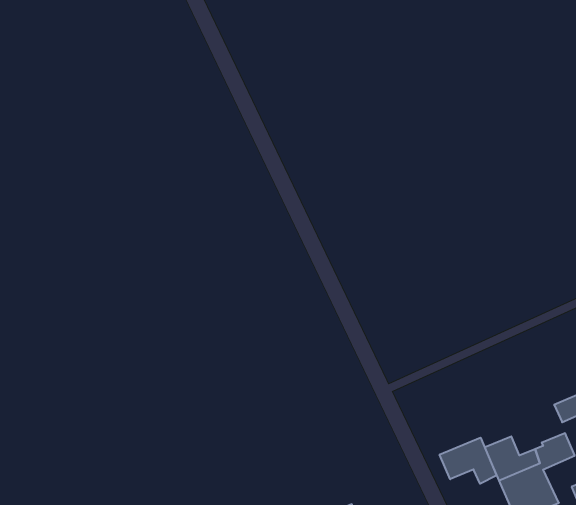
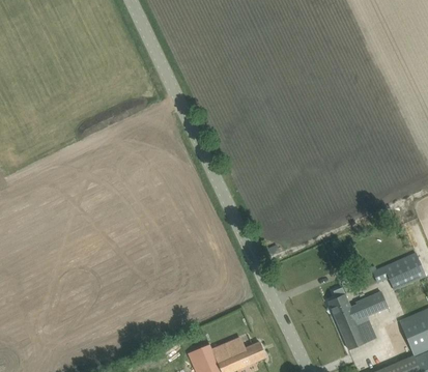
building: [440,438,496,484] -> none

